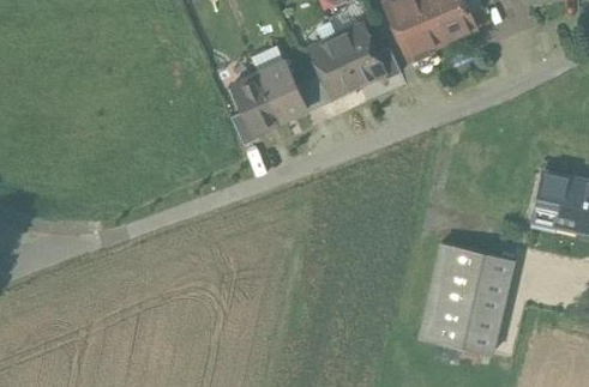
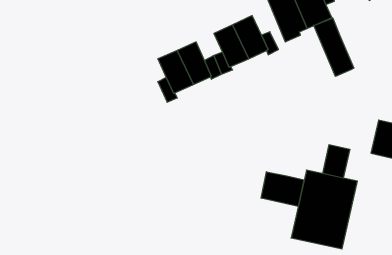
building: none -> [314,18,354,76]
building: none -> [323,145,350,178]
building: none -> [261,172,304,207]

